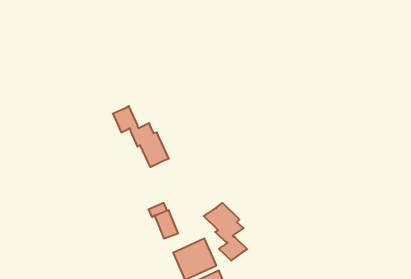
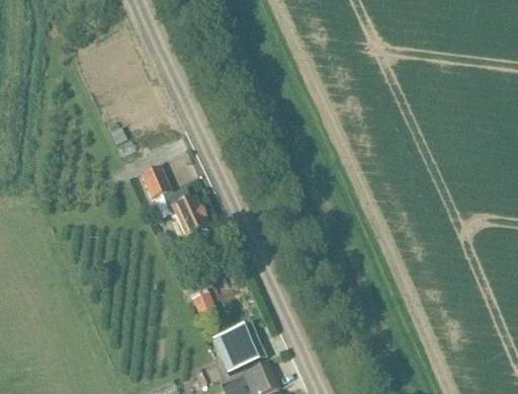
building: [204,203,247,261] -> none

